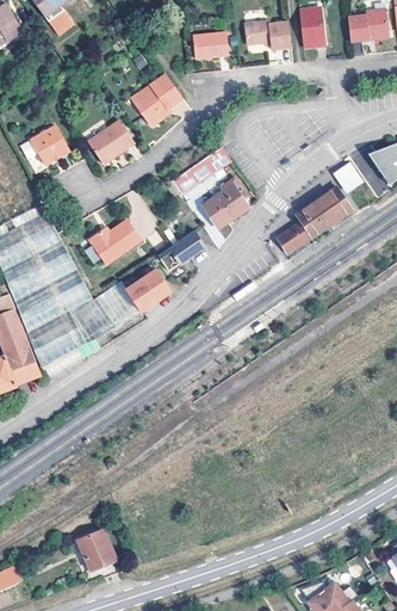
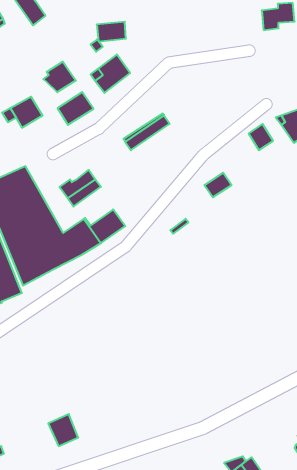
building: [299,10,325,47] -> none
building: [244,19,291,49] -> none
building: [190,35,227,60] -> [97,22,126,41]
building: none -> [43,62,76,92]
building: [203,184,249,228] -> none
building: [294,190,351,239] -> none
building: [159,230,206,271] -> none

